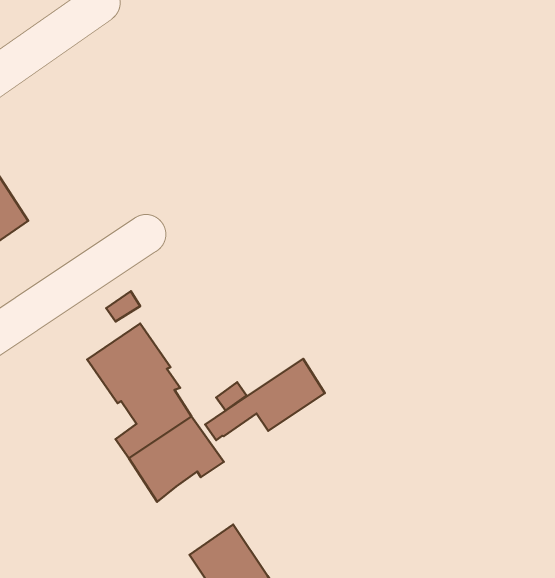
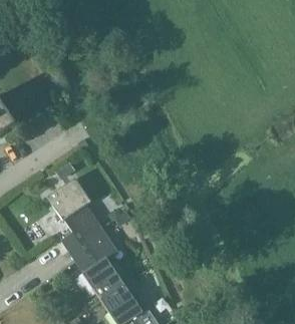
building: [205,359,325,440] -> none
building: none -> [83,258,124,302]

